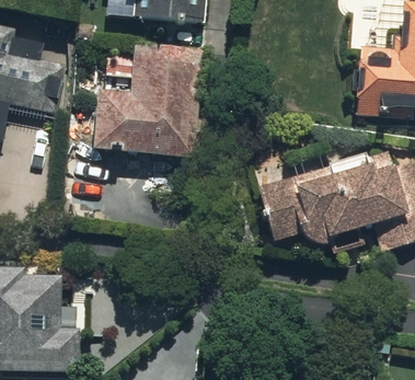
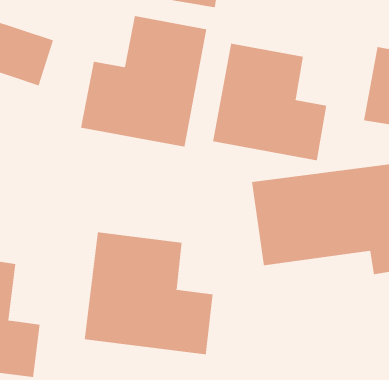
building: none -> [213,43,327,161]
building: none -> [84,232,213,355]

